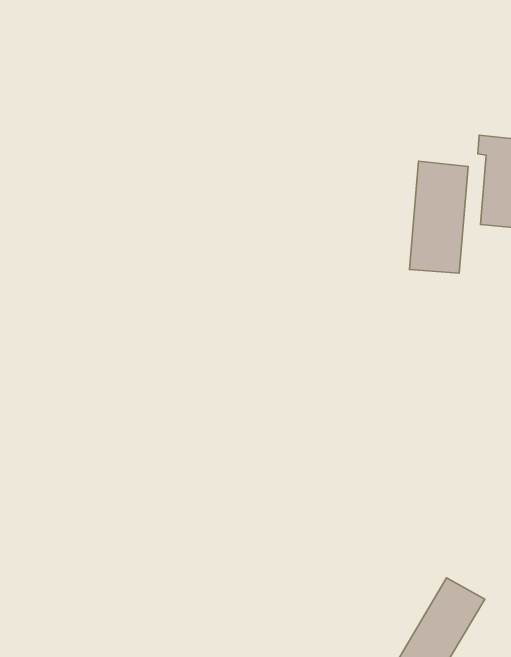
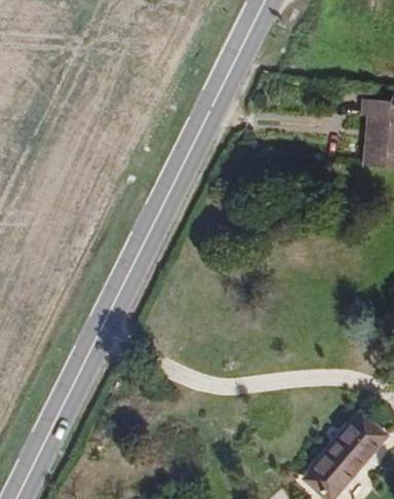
building: [410,161,468,273] -> none

